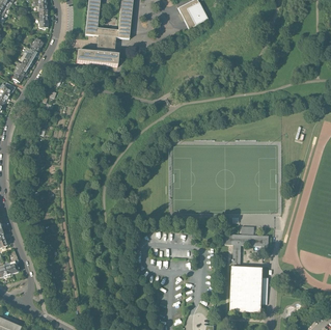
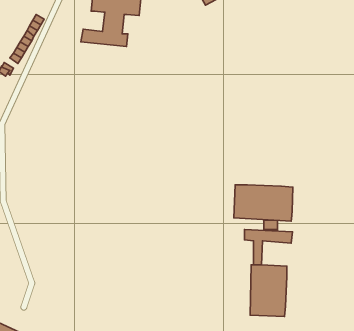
building: none -> [234,185,293,221]

